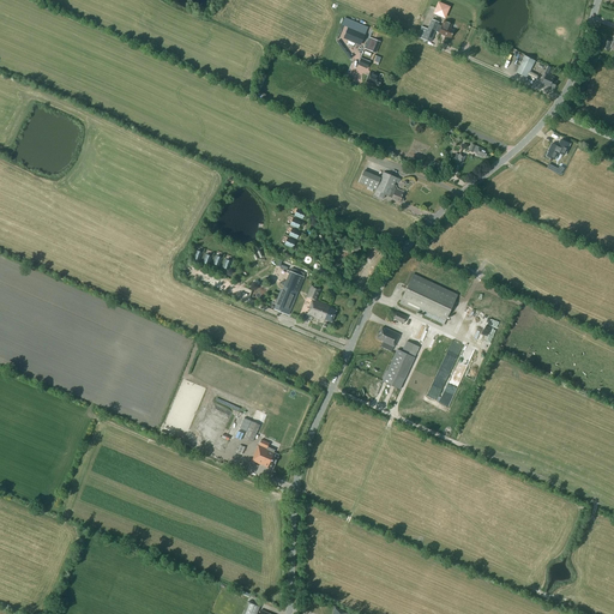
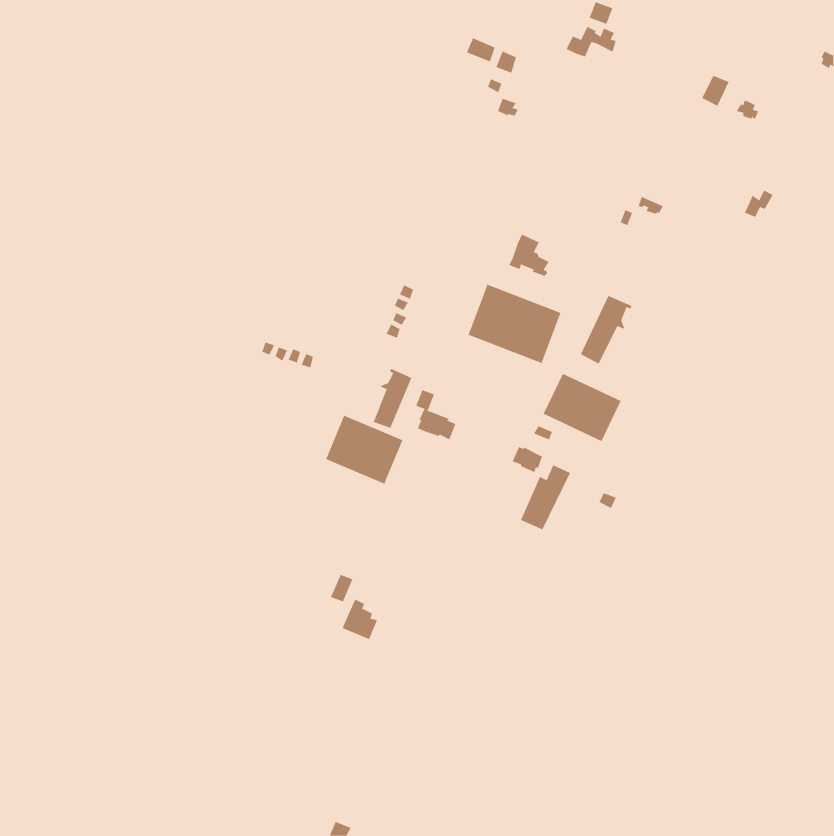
building: none -> [468,284,561,364]
building: none -> [580,295,632,365]
building: none -> [325,415,403,484]

